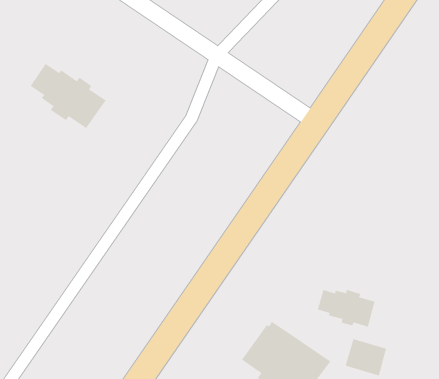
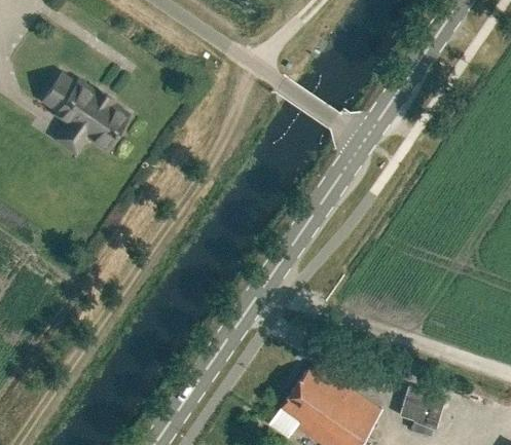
building: [317,289,375,327] -> none

